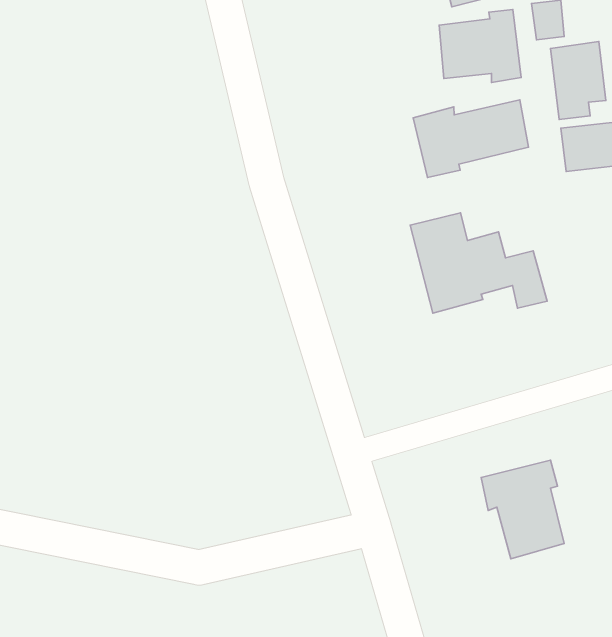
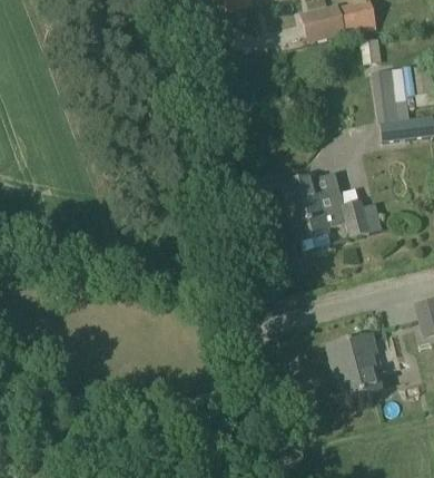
building: [439,10,521,82] -> none
building: [413,100,528,178] -> none

